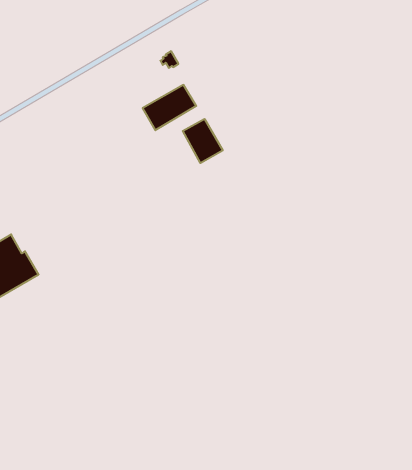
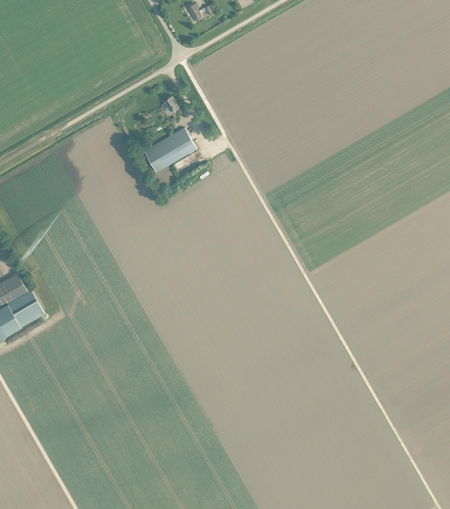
building: [183,119,223,163] -> none

